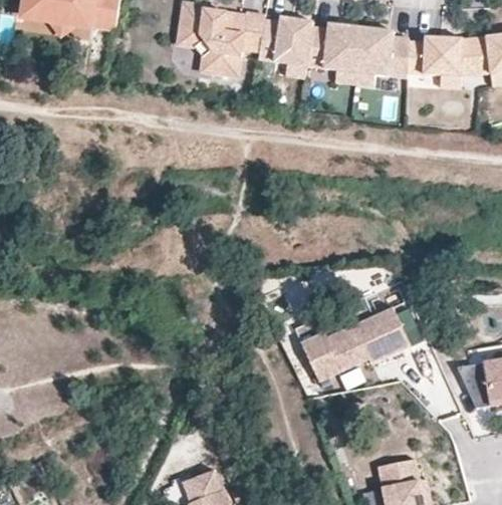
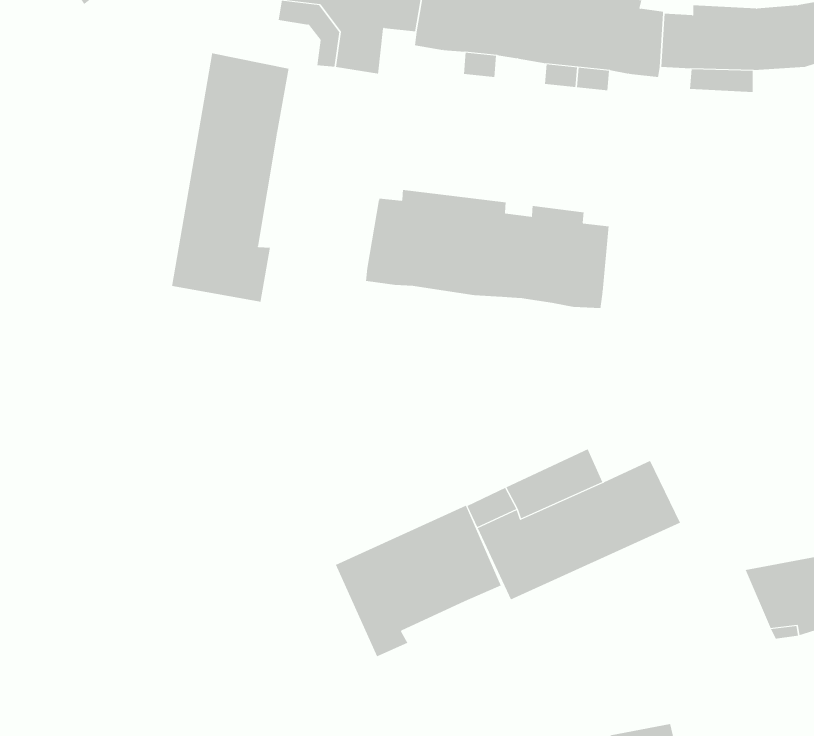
building: none -> [172,53,289,303]
building: none -> [366,189,609,309]
building: none -> [335,505,501,657]

